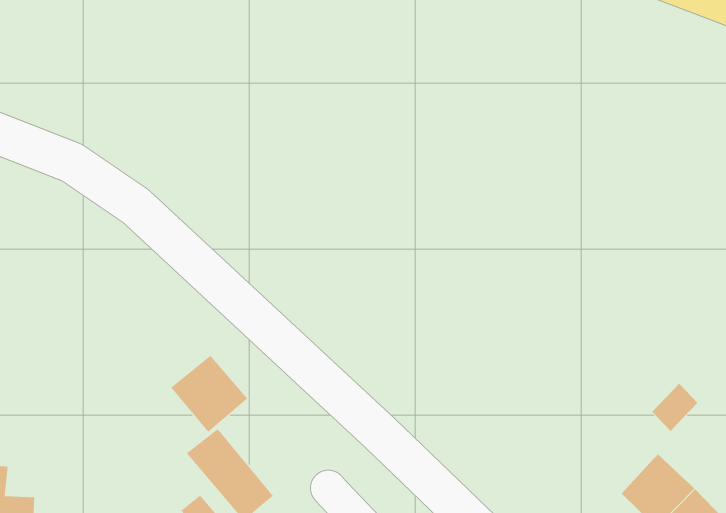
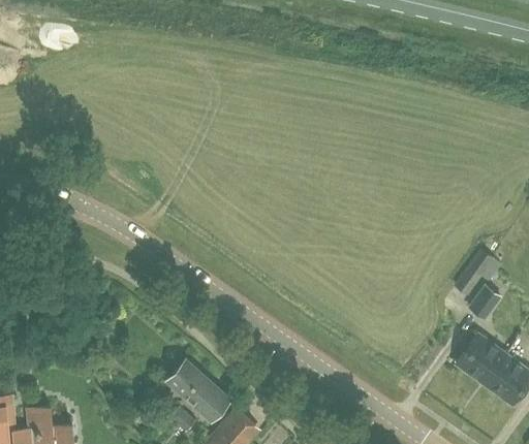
building: none -> [456,251,501,293]
building: [170,355,248,433] -> none

